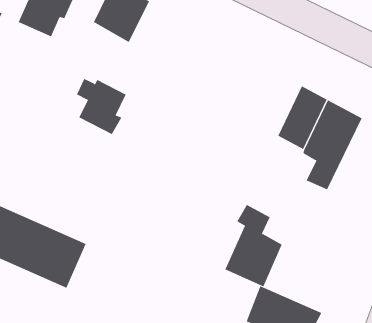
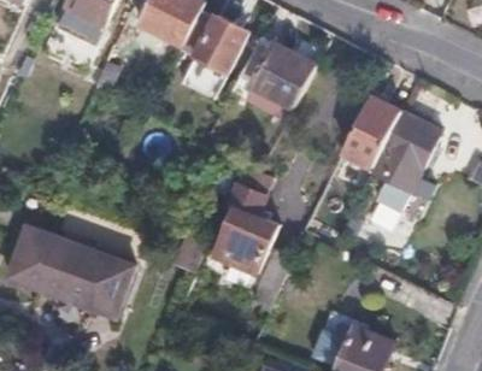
building: none -> [239,35,316,106]
building: [76,78,126,135] -> [193,12,248,75]
building: [225,204,282,287] -> [212,184,276,276]

